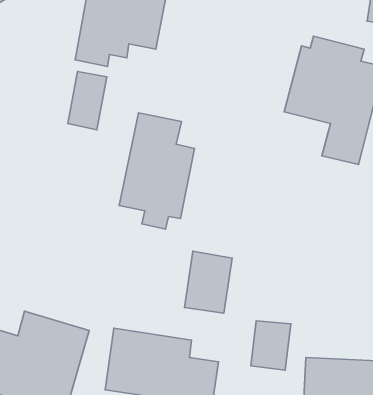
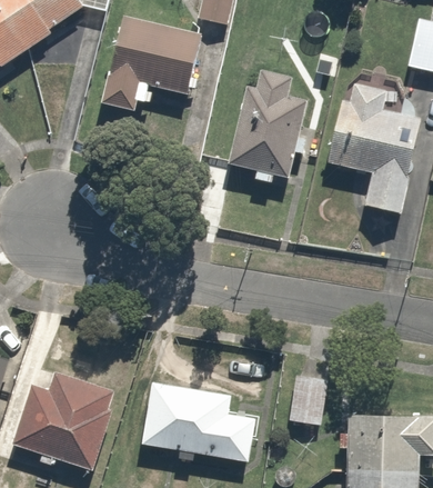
building: [68,72,107,130] -> none
building: [119,113,195,229] -> [228,64,305,185]
building: [184,251,232,313] -> none

